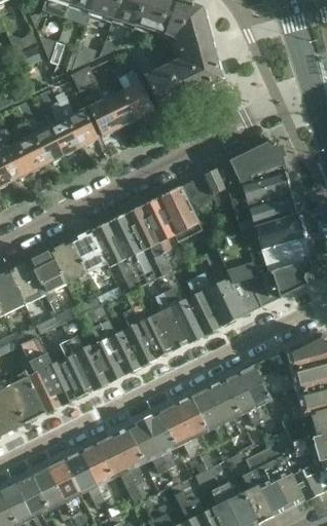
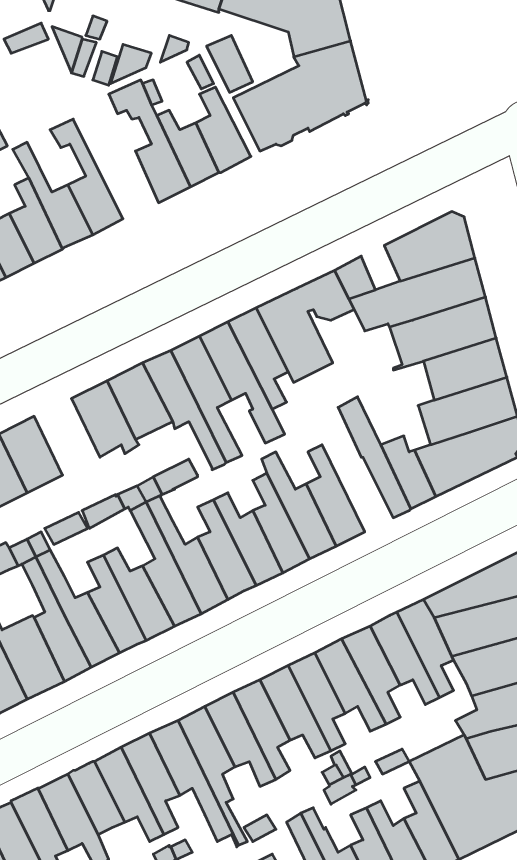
building: [50,85,96,146] -> none
building: [28,250,66,294] -> none
building: [194,272,235,327] -> none

